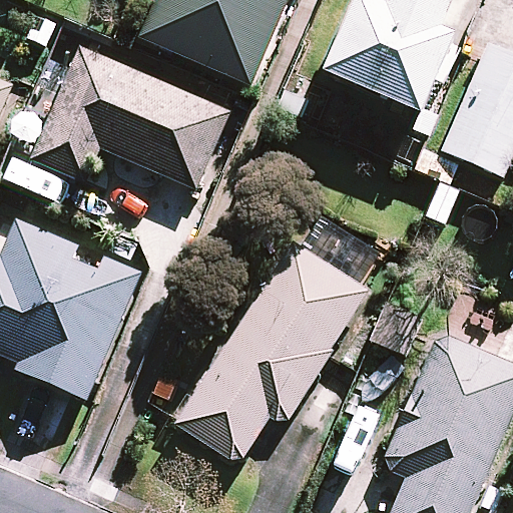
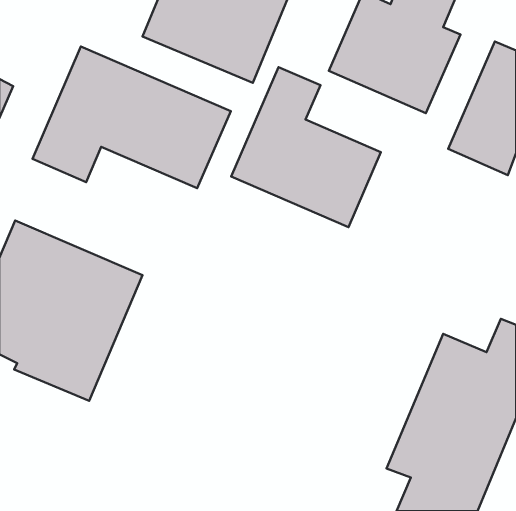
building: none -> [231,67,381,227]
building: [177,241,368,461] -> none

